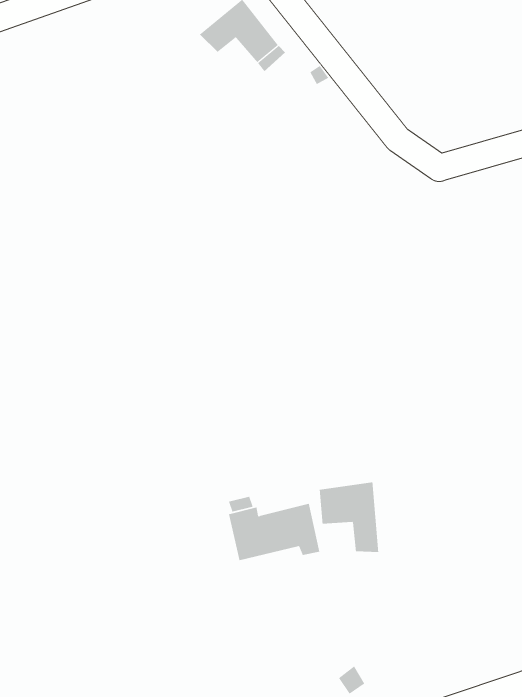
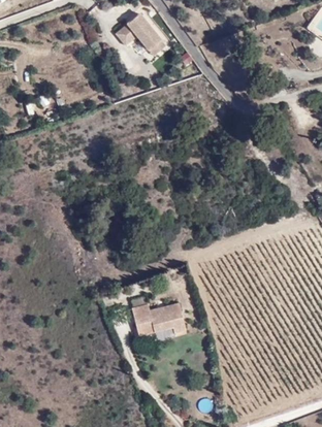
building: [319,482,379,553] -> none

